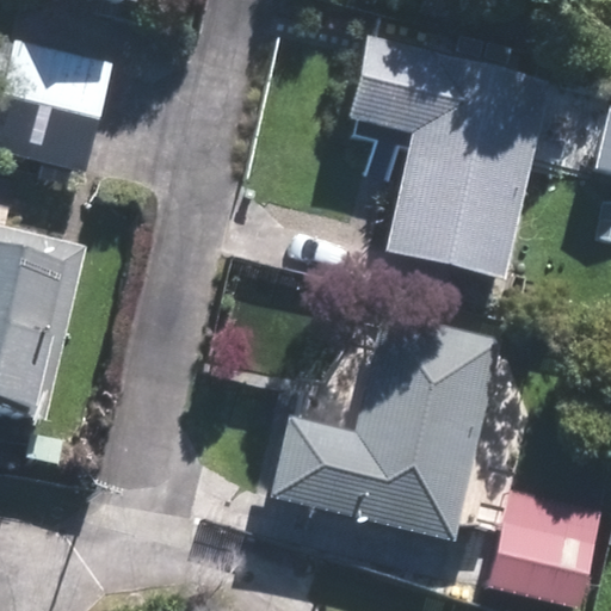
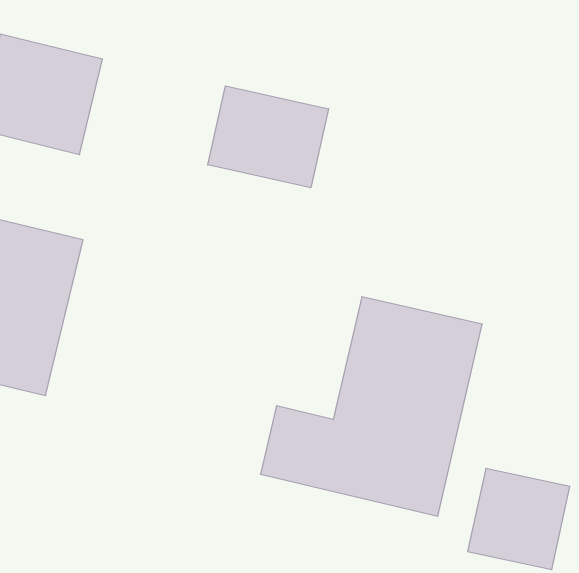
building: [345,53,542,274] -> none
building: none -> [208,86,329,188]

